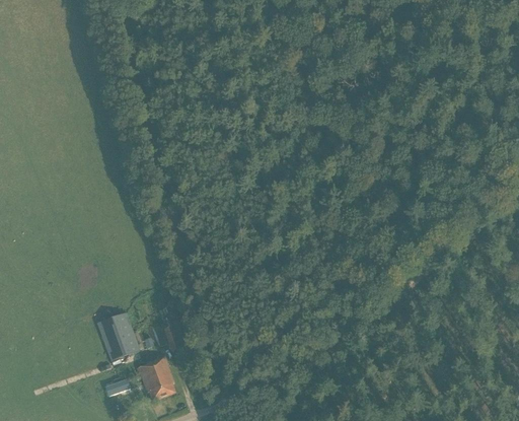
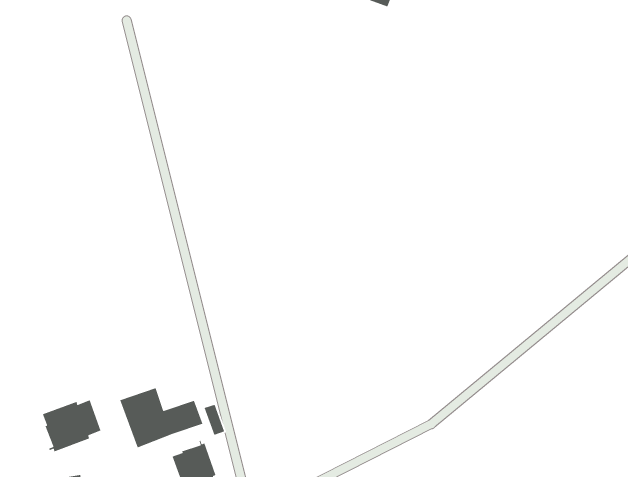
building: none -> [42,399,102,453]

